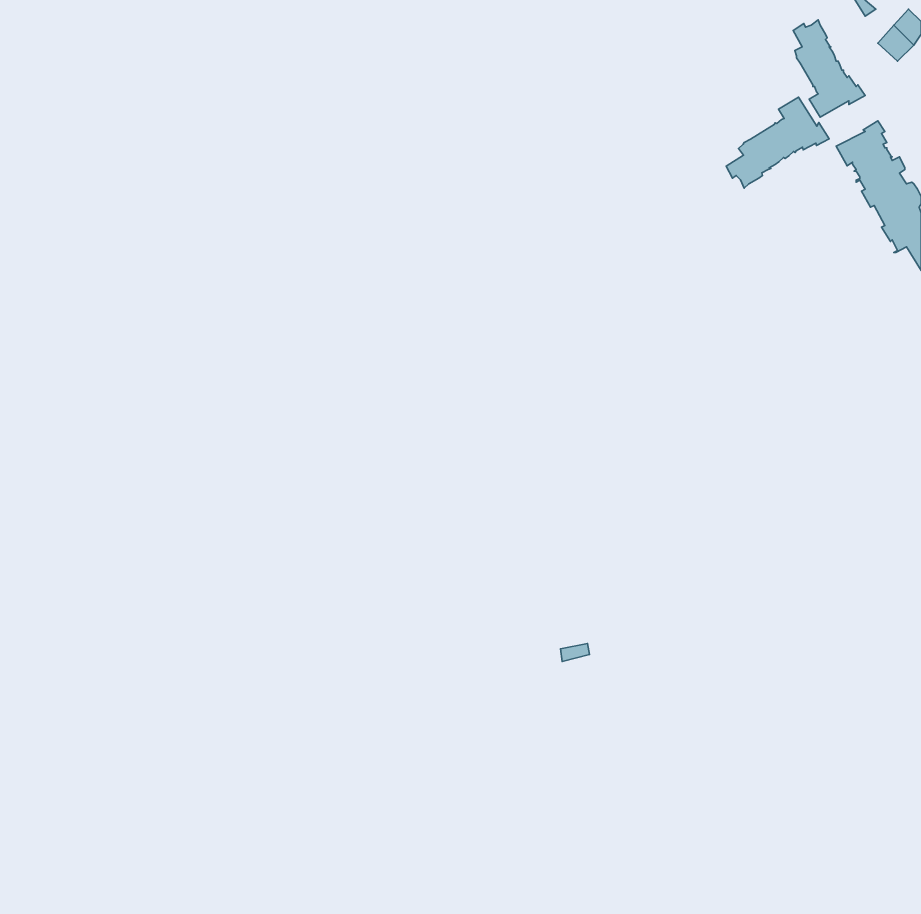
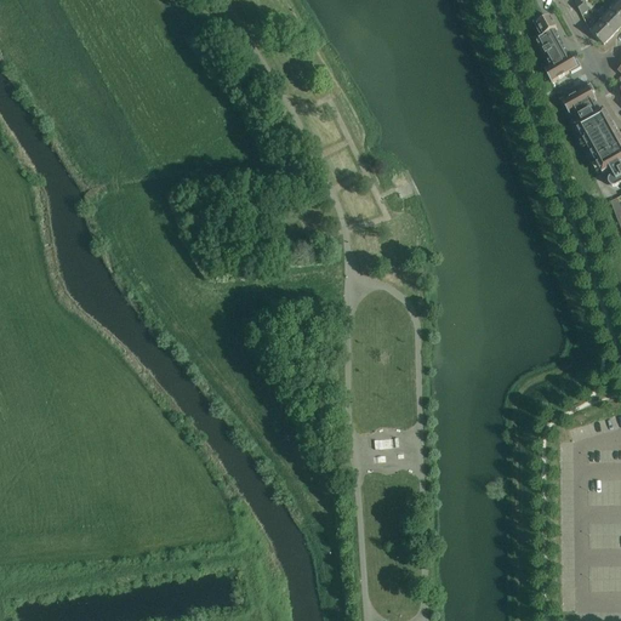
building: [726,97,829,188] -> none

